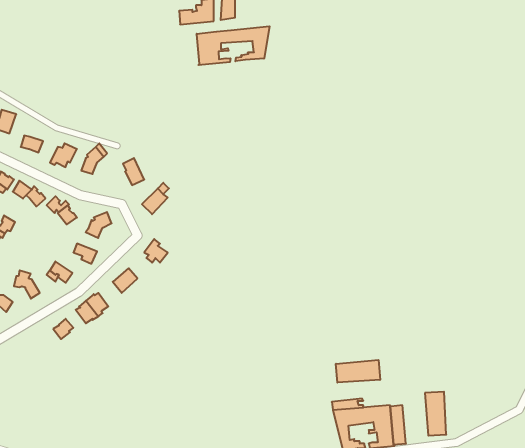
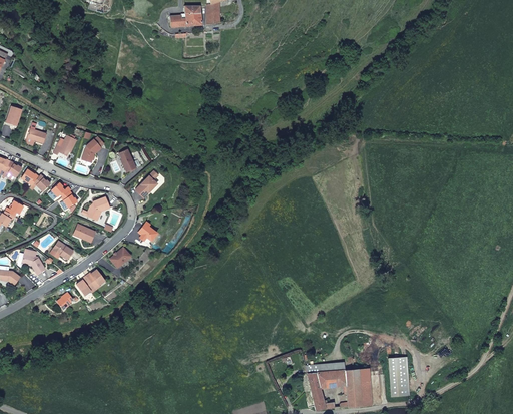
building: [197,26,270,65] -> none
building: [336,360,380,383] -> none

